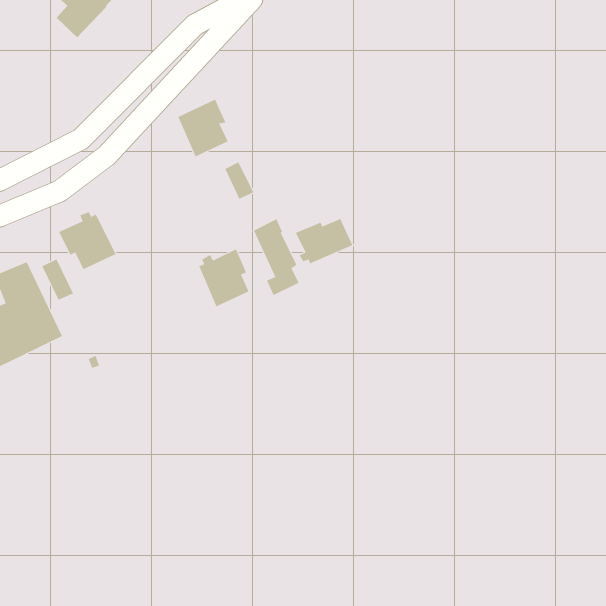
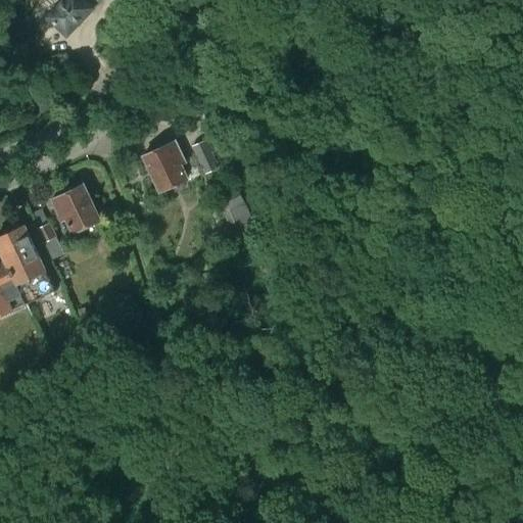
building: [177,99,228,157] -> [143,140,187,190]
building: [295,218,353,264] -> none
building: [199,249,249,307] -> none

